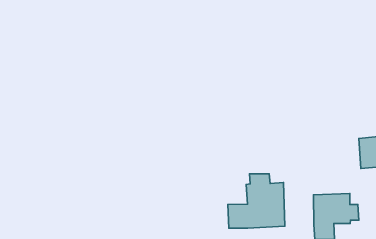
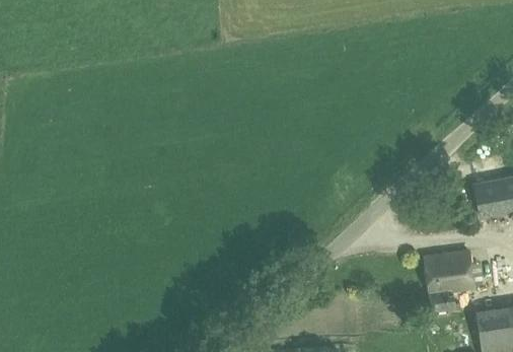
building: [228,174,285,228] -> none

